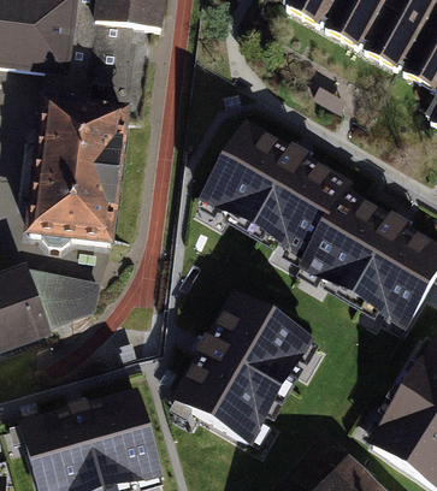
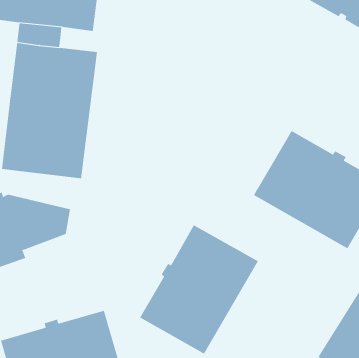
building: [203,124,349,255] -> none

